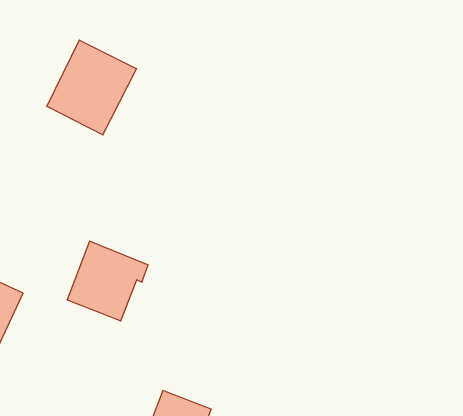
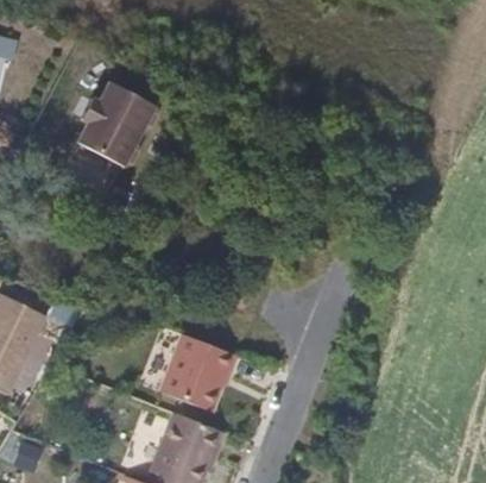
building: [67,241,148,321] -> [168,333,245,409]

